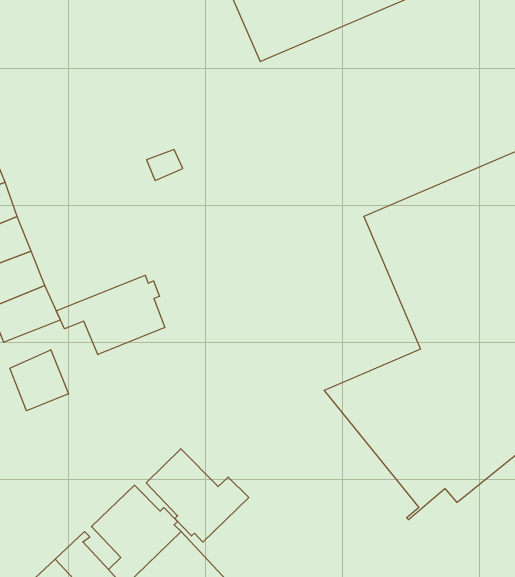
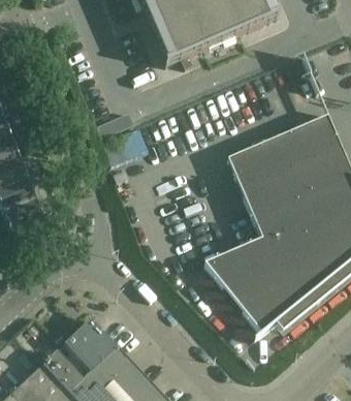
building: [56,275,165,355] -> none
building: [10,350,69,411] -> none
building: [146,449,249,542] -> none

